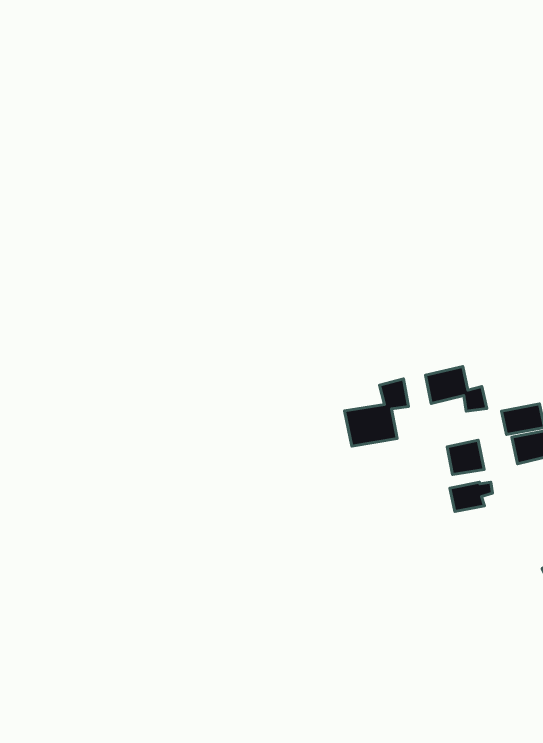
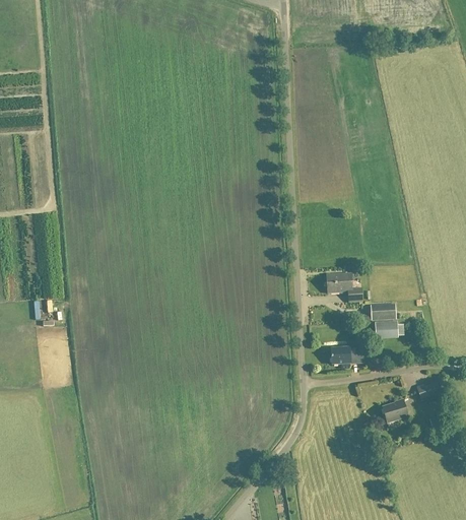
building: [345,379,409,446] -> none
building: [447,440,484,475] -> none

